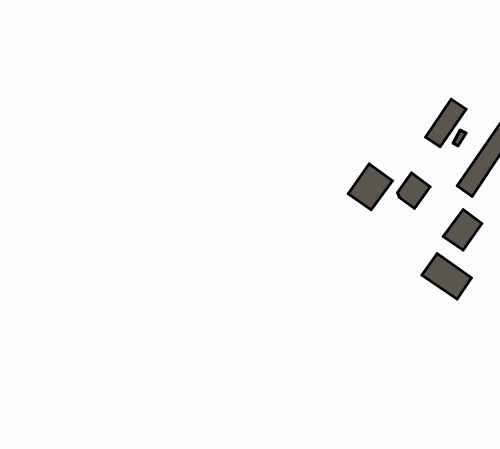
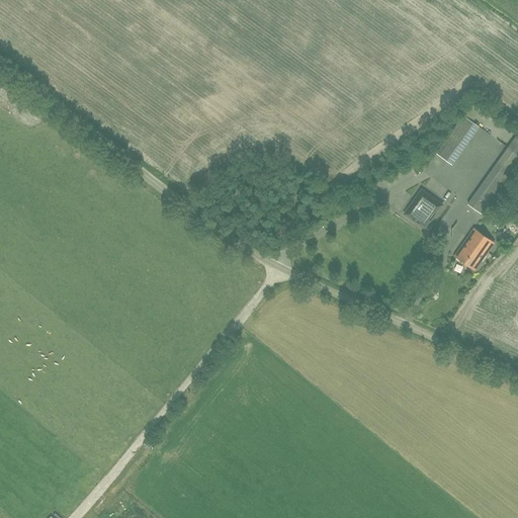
building: [348,164,392,210] -> none
building: [422,253,472,299] -> none

